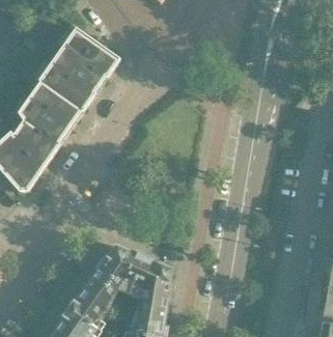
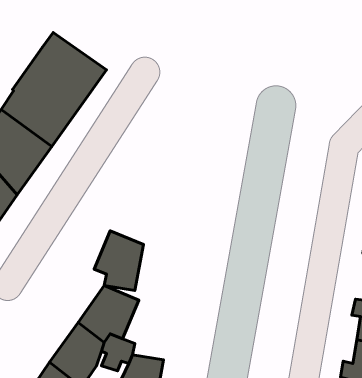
building: [132,256,173,306] -> [94,231,144,290]

